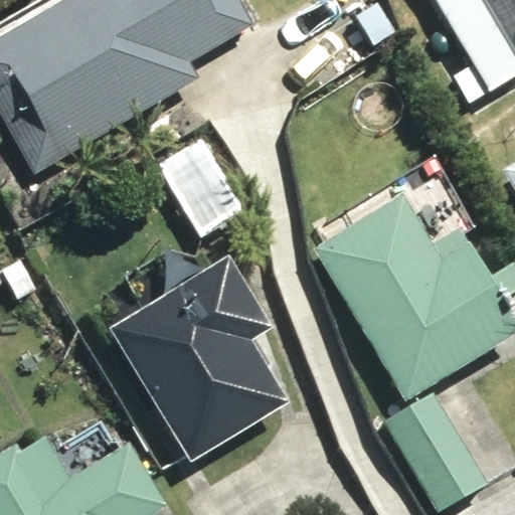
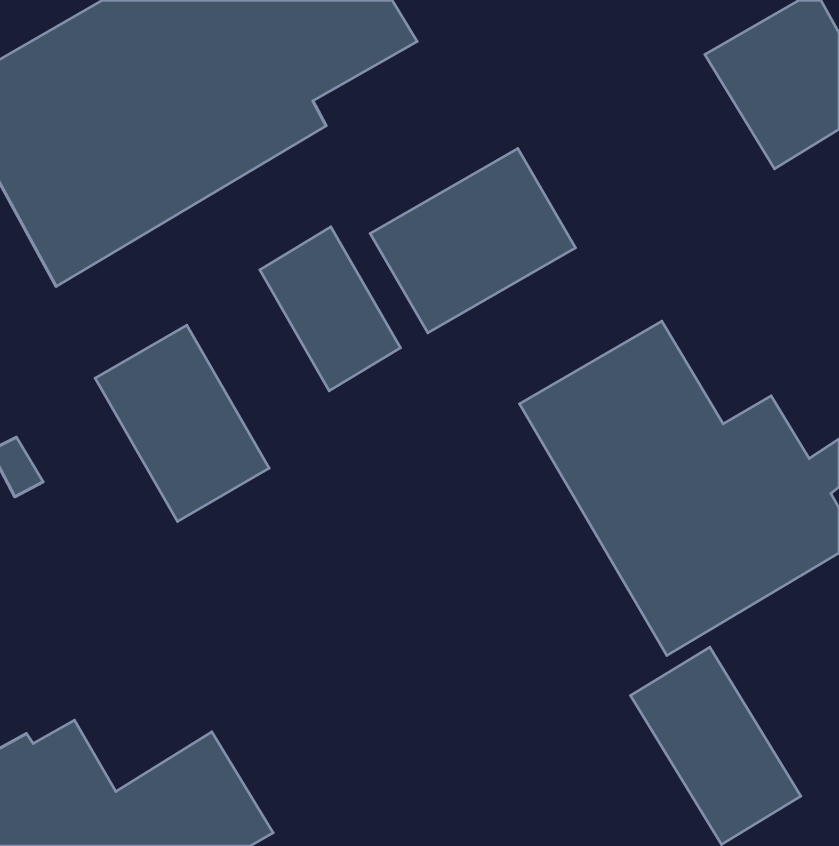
building: none -> [370,148,576,333]
building: none -> [95,325,269,521]
building: [111,255,289,462] -> none

